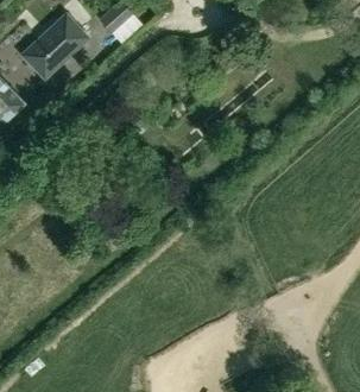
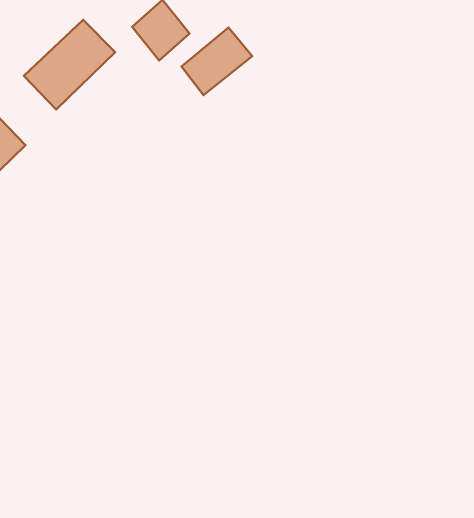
building: none -> [181,27,252,95]

